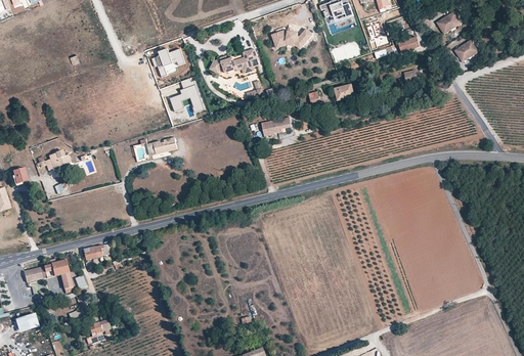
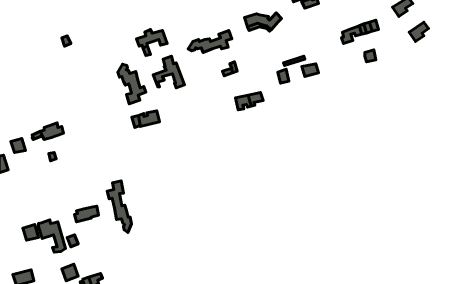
building: none -> [118,64,146,104]
building: none -> [107,181,132,233]

